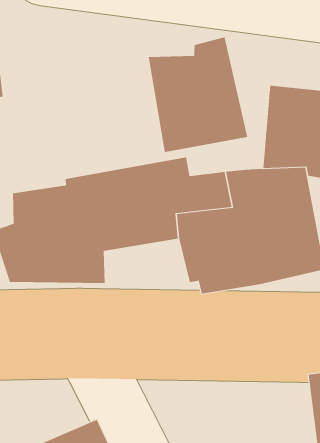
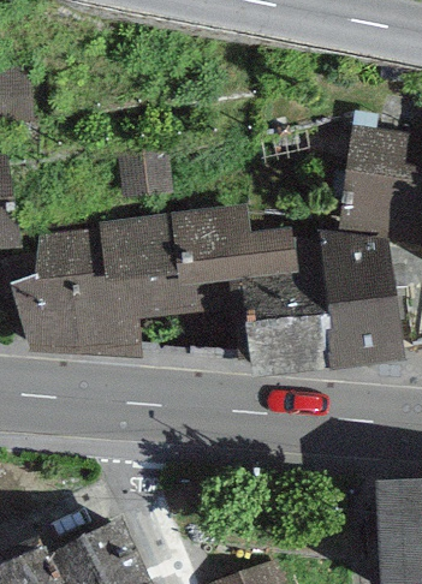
building: [148,36,248,153] -> none

